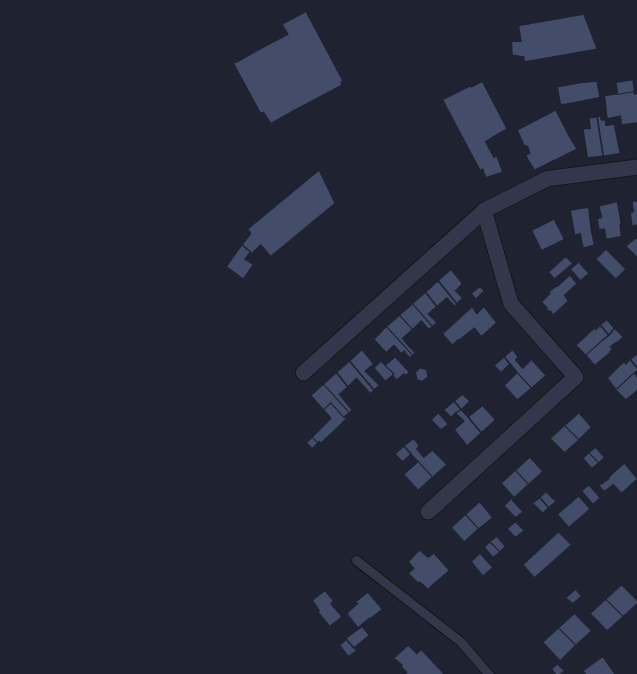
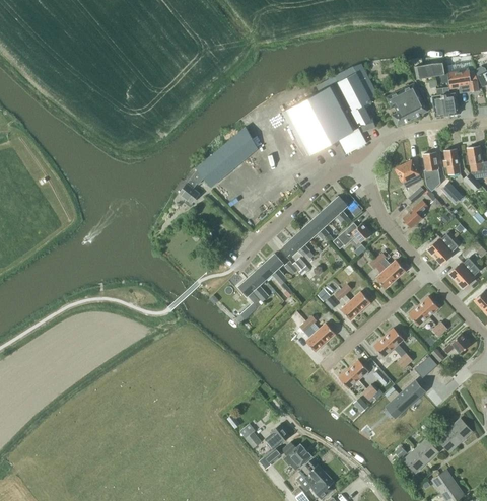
building: [233,12,344,124] -> [281,76,359,155]
building: [512,14,597,62] -> none
building: [408,550,450,589] -> [282,442,311,470]

